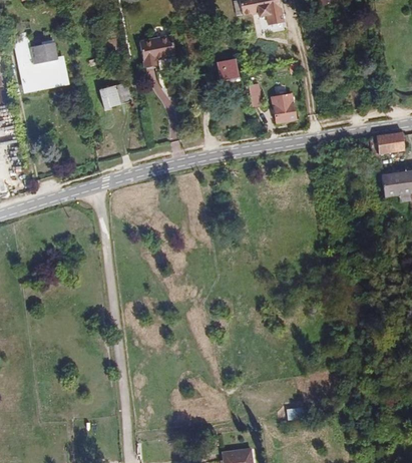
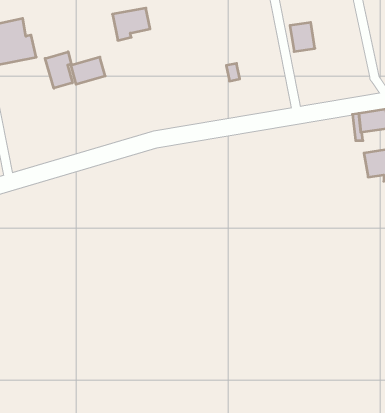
building: [217,58,240,81] -> none
building: none -> [45,52,72,88]
building: [272,94,296,122] -> [290,22,315,52]

